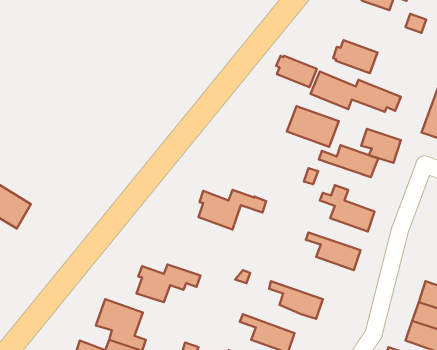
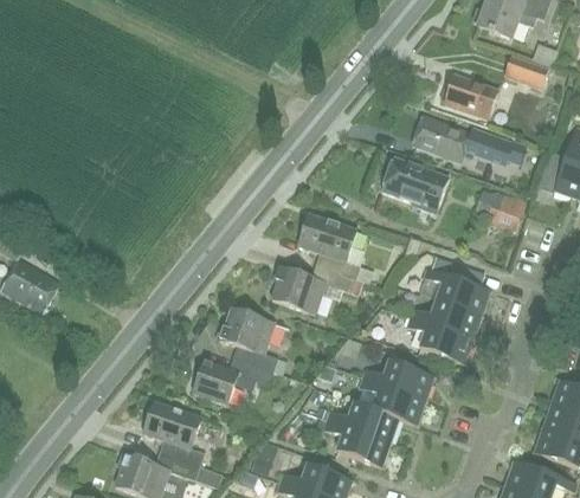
building: none -> [504,53,548,86]
building: [276,56,317,87] -> none
building: [319,145,378,177] -> [410,298,484,338]
building: none -> [298,213,361,277]
building: none -> [215,306,278,370]
building: none -> [362,358,437,400]
building: none -> [327,400,400,442]

